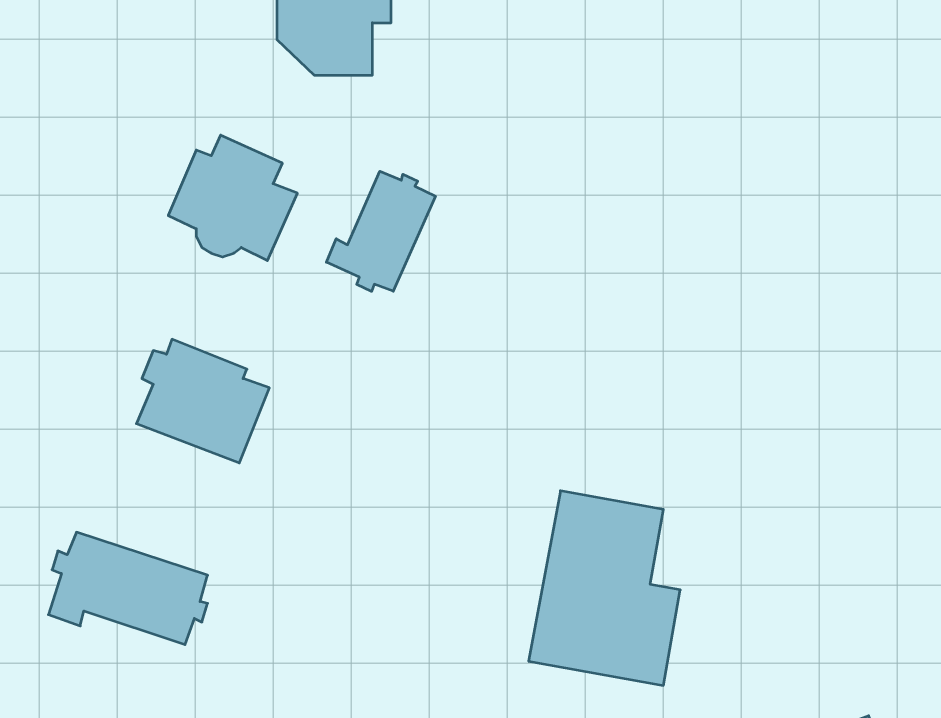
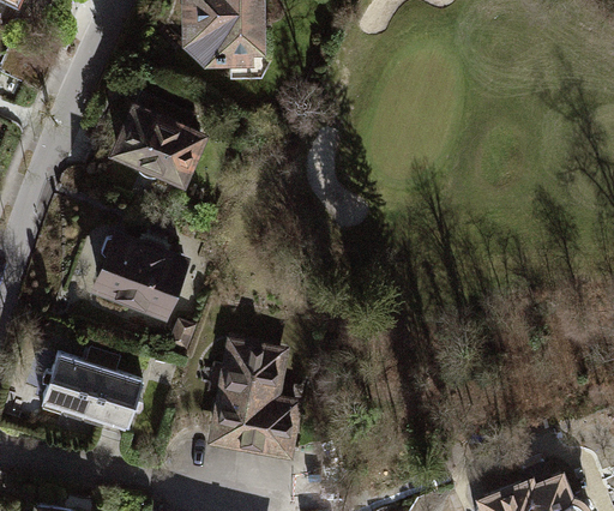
building: [326,171,435,291] -> none
building: [529,491,680,685] -> [206,339,303,464]

